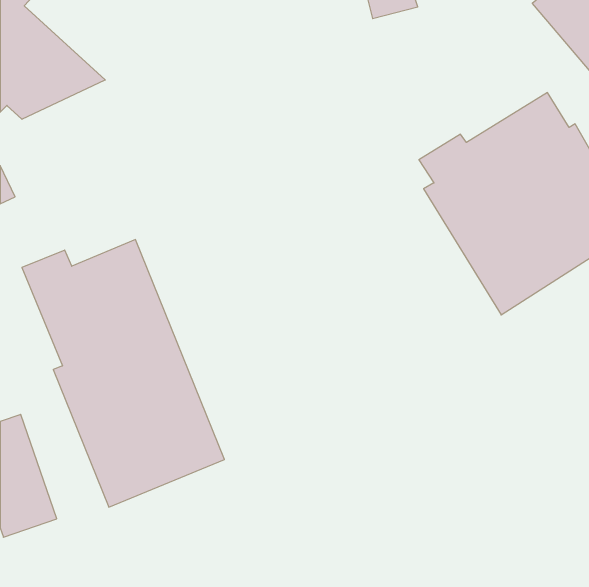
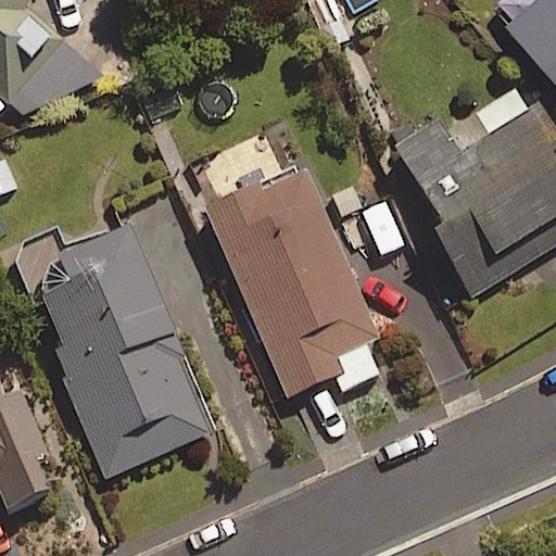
building: none -> [206,168,389,394]

